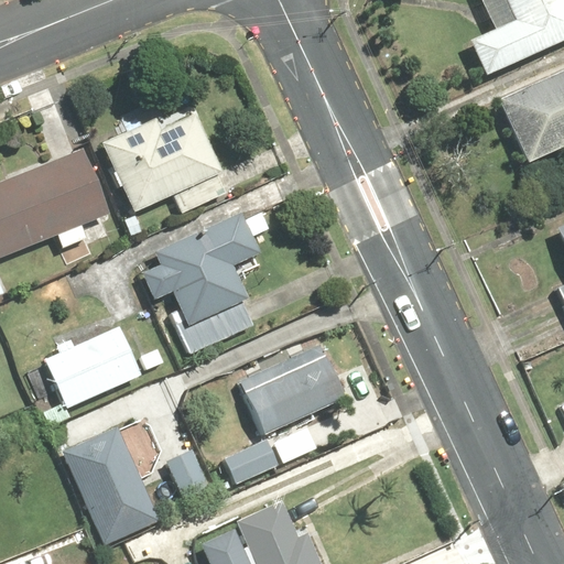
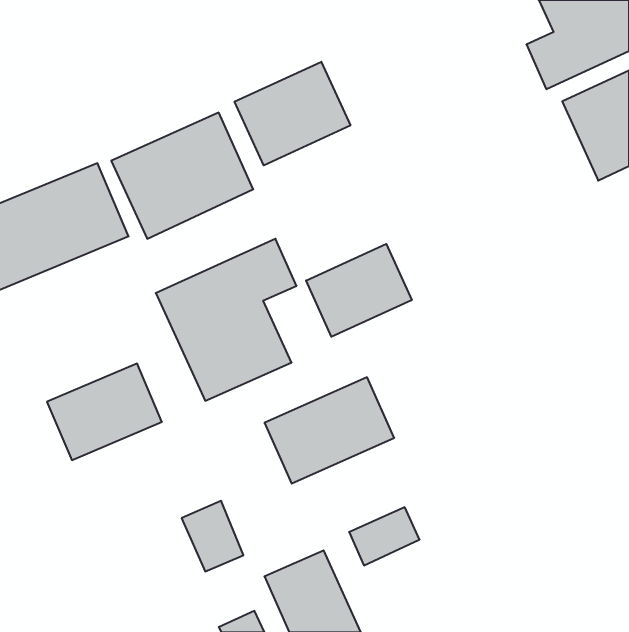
building: none -> [235,62,350,165]
building: none -> [306,244,412,337]
building: [61,424,163,545] -> none
building: [219,435,282,487] -> [349,507,420,565]

